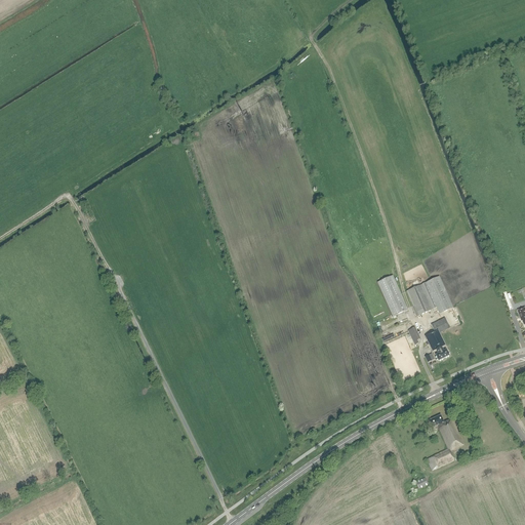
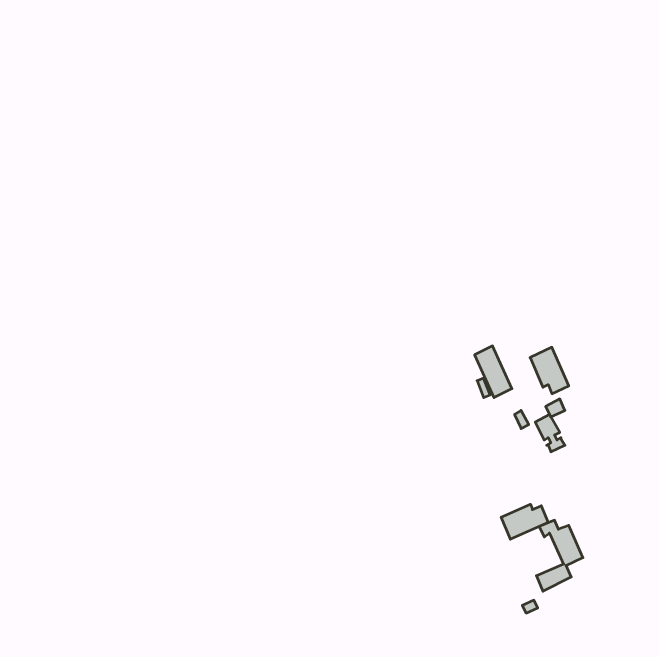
building: [406,284,432,315] -> none
building: none -> [501,504,548,539]

